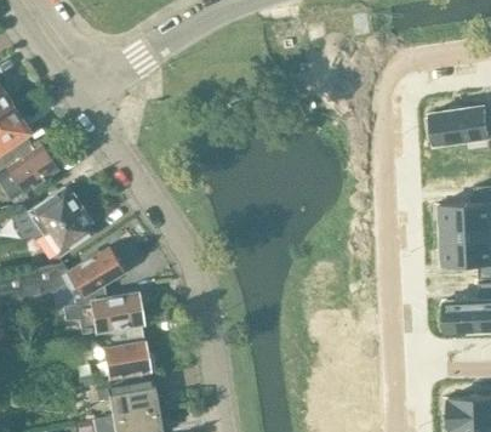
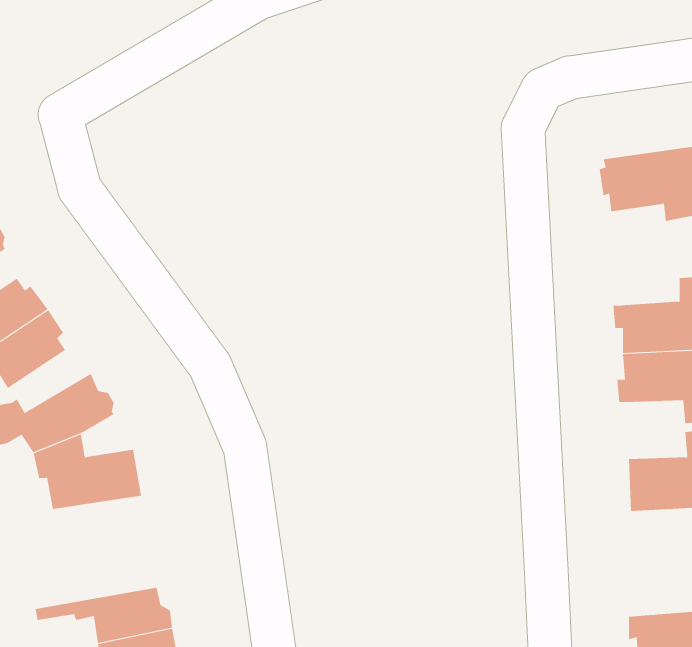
building: [103,326,153,380] -> none

